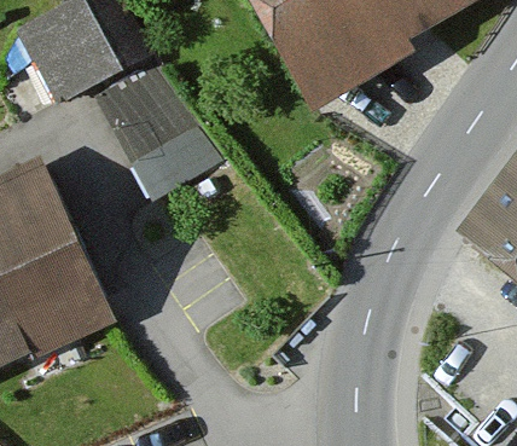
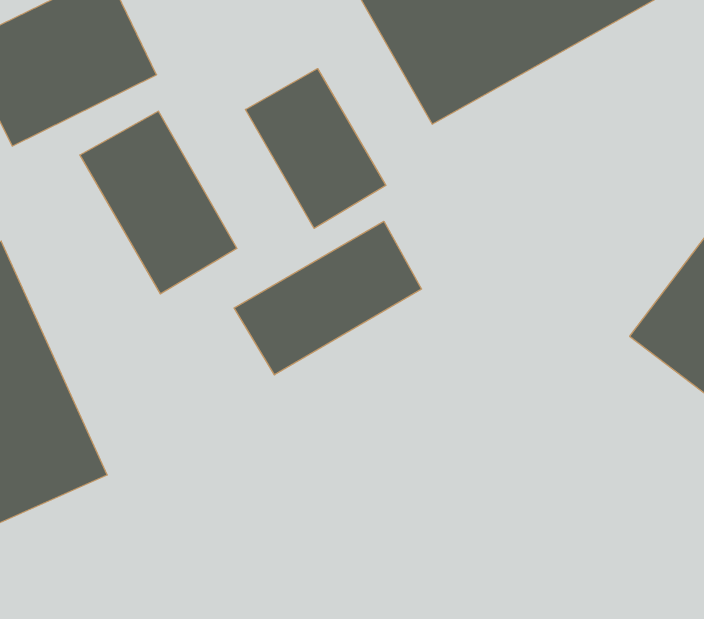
building: none -> [245,69,386,228]
building: none -> [234,221,422,375]

